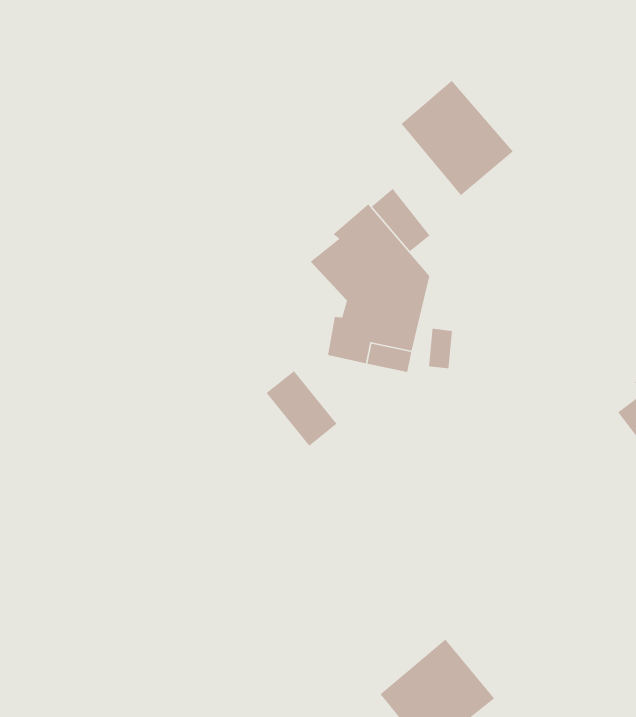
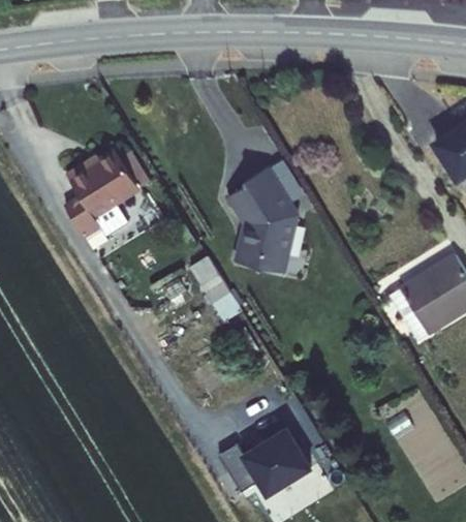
building: [401,80,514,196] -> none
building: none -> [65,150,141,239]

